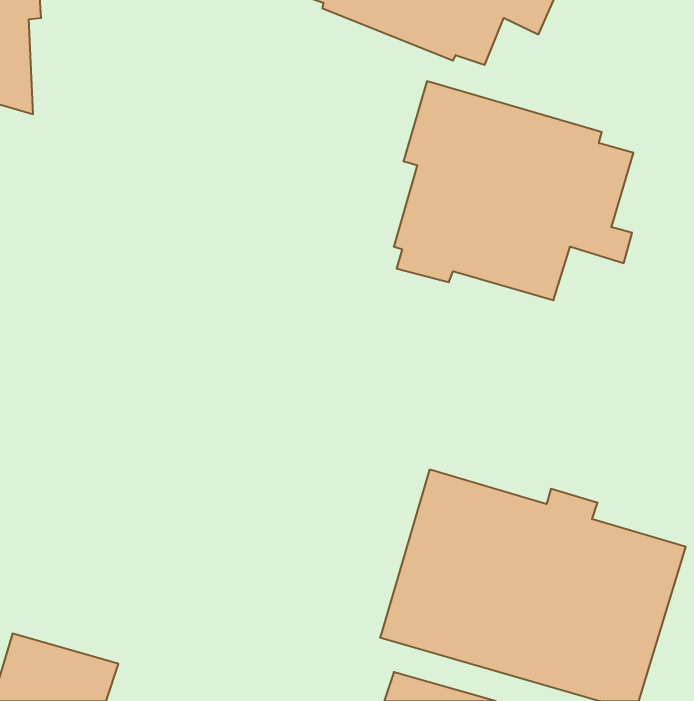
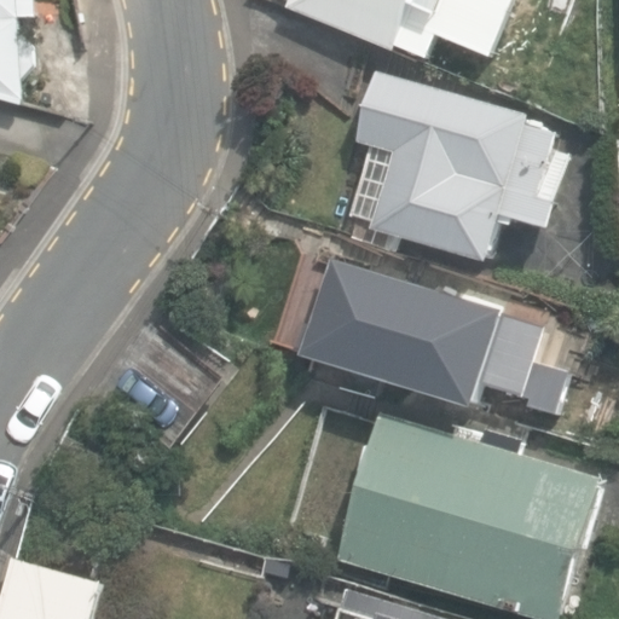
building: none -> [299,258,565,415]

